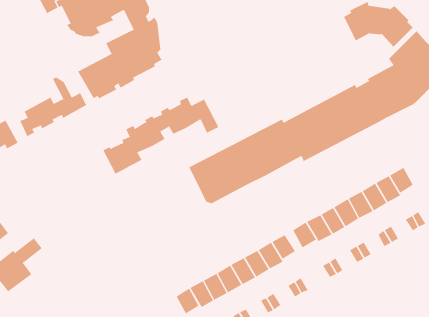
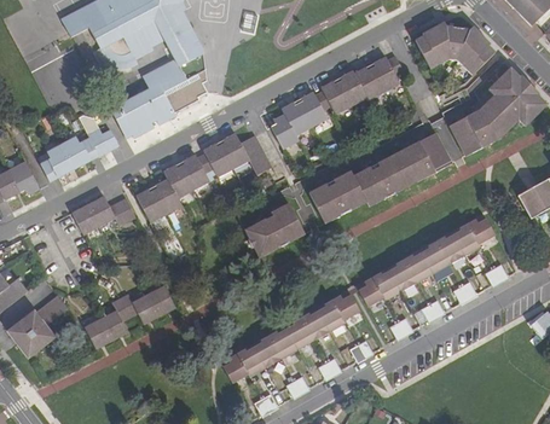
building: none -> [271,57,403,149]
building: none -> [74,194,135,233]
building: none -> [85,285,176,349]

